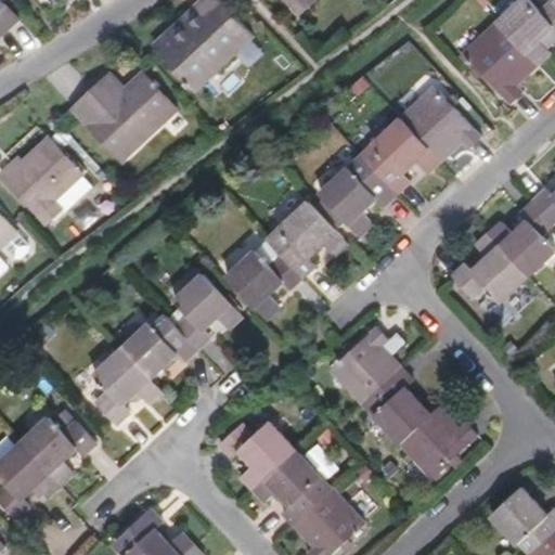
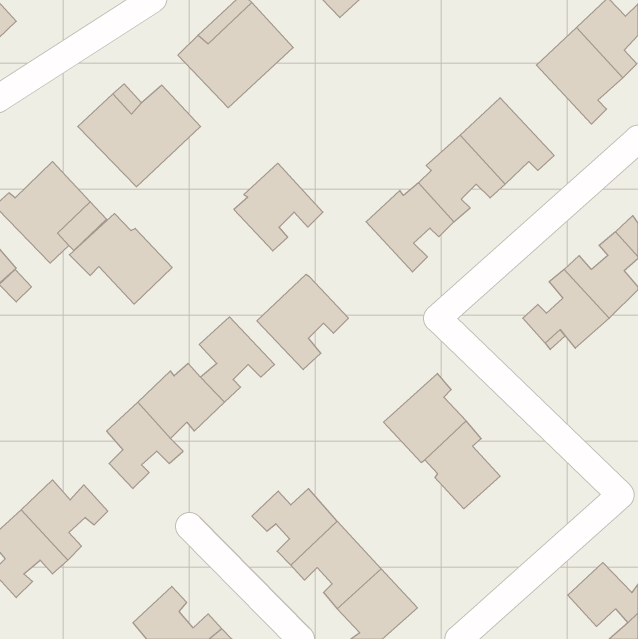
building: none -> [69,214,172,304]
building: [268,199,345,275] -> [234,163,323,251]
building: [401,404,479,475] -> none

